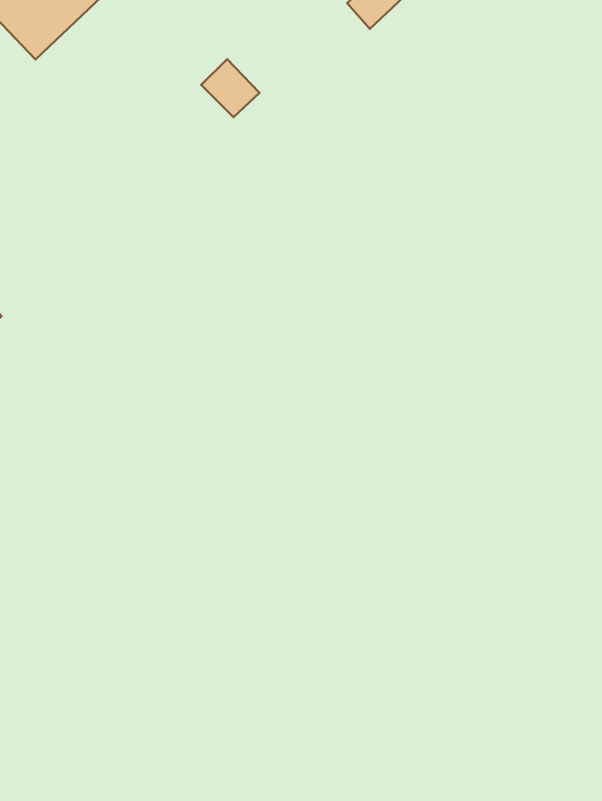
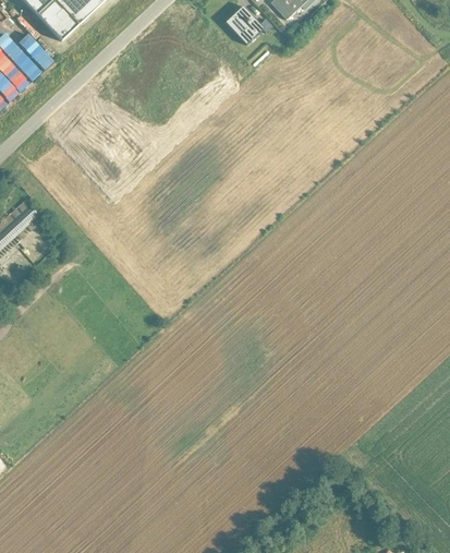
building: [201,59,259,117] -> [226,5,265,45]

